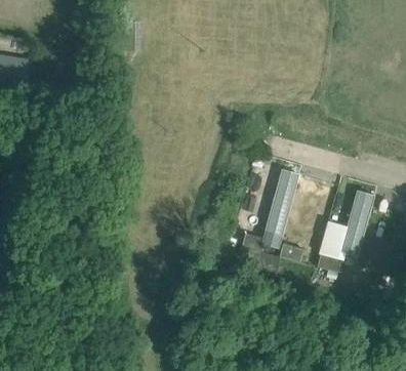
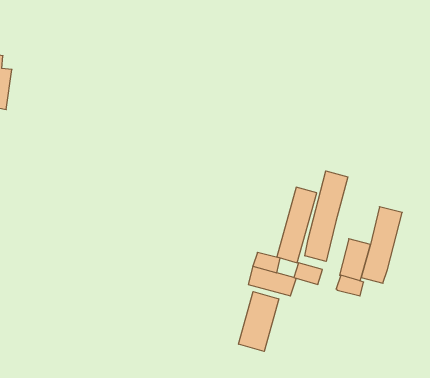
building: none -> [305,171,348,261]
building: none -> [239,292,279,351]

